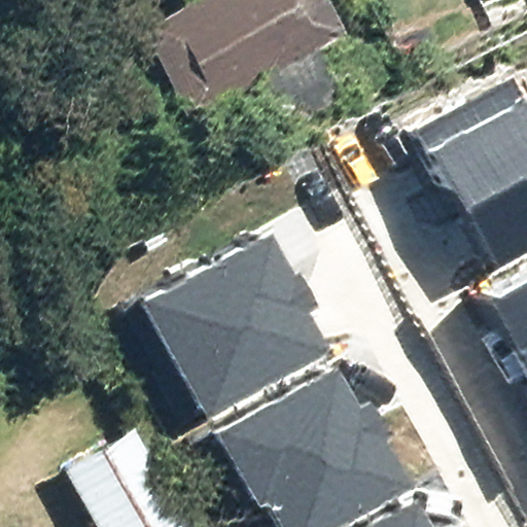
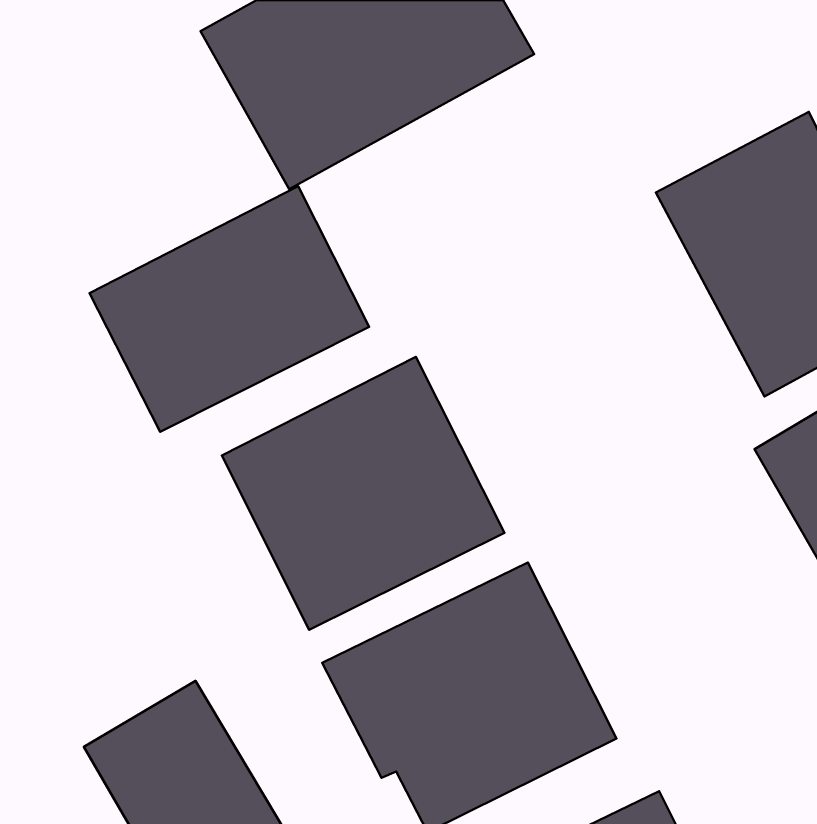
building: none -> [89,186,369,432]

